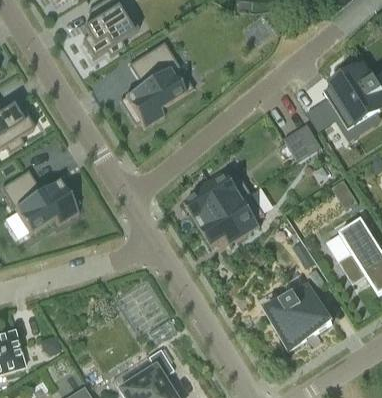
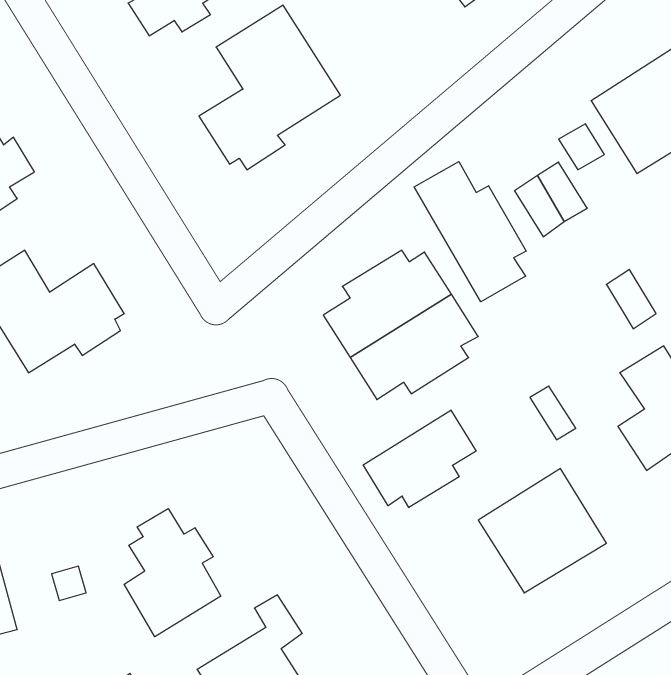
building: none -> [414,162,526,302]
building: none -> [363,410,476,508]
building: none -> [124,509,221,637]

